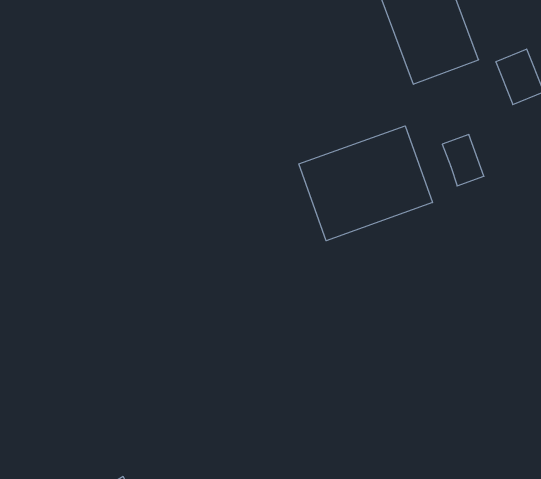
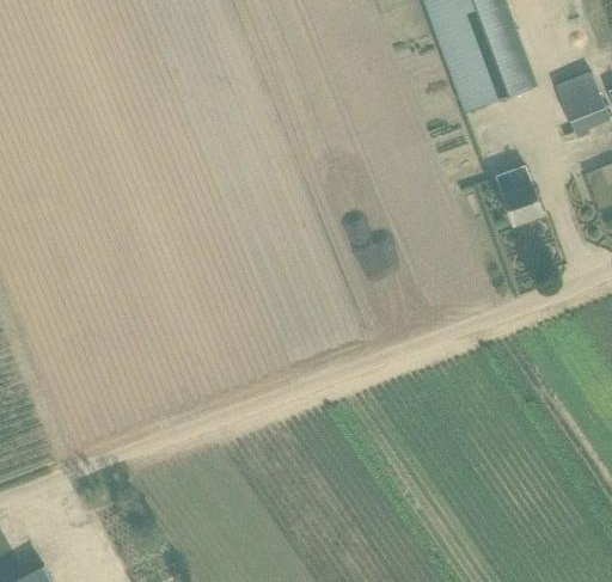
building: [299,126,432,241] -> none

